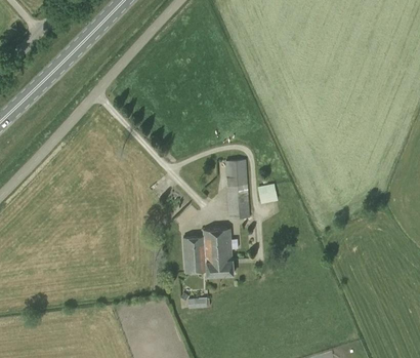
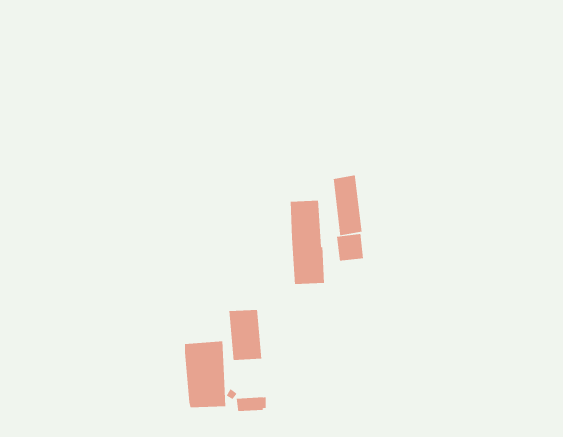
building: none -> [333,175,362,236]
building: [204,229,234,276] -> [184,341,226,408]

